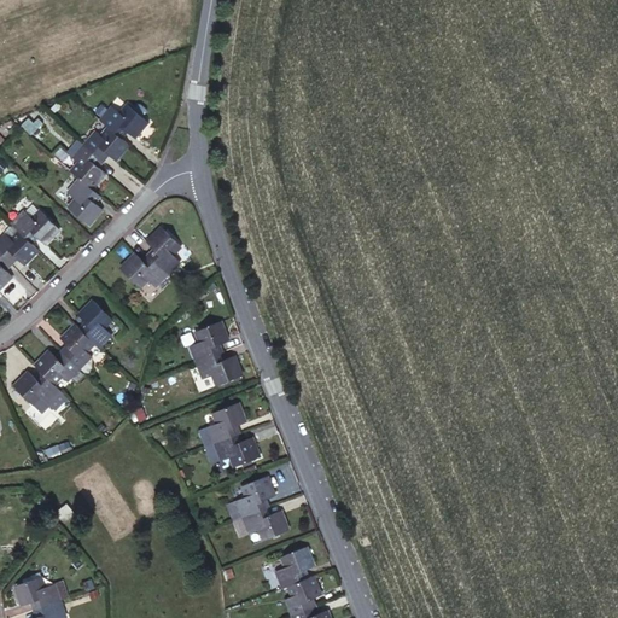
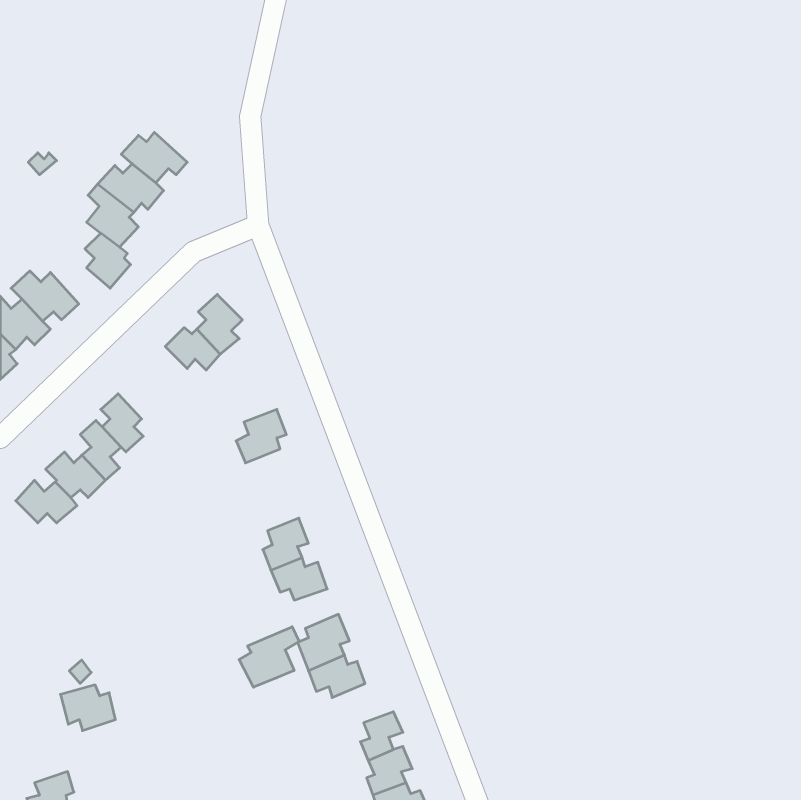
building: [191,348,235,381] -> none
building: none -> [239,627,299,687]
building: [12,569,54,604] -> [60,685,115,731]

